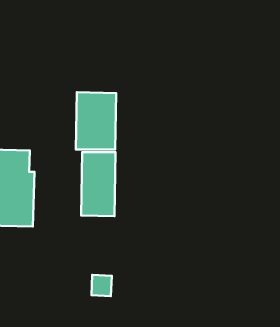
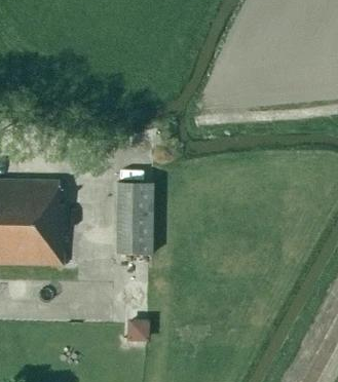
building: [76,92,116,150] -> none

